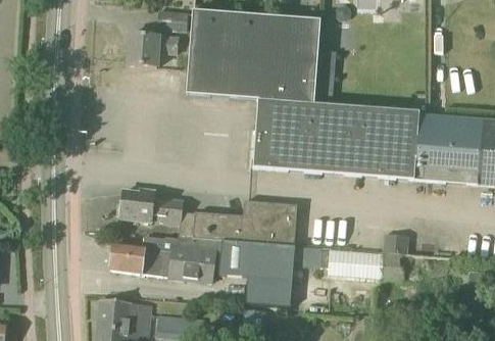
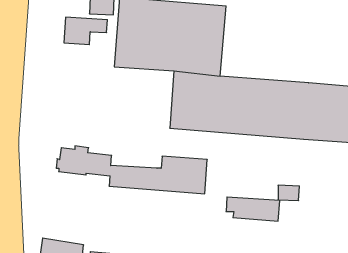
building: [111,235,295,305] -> none

